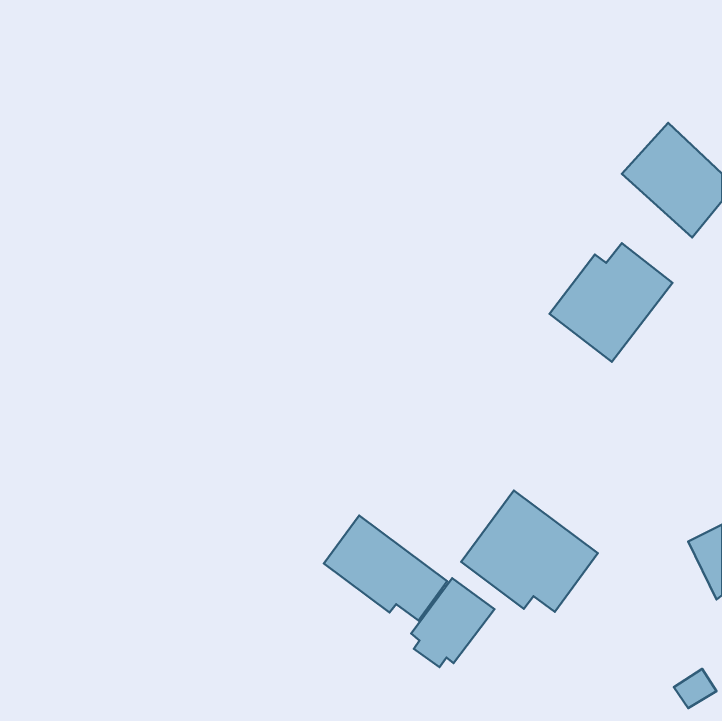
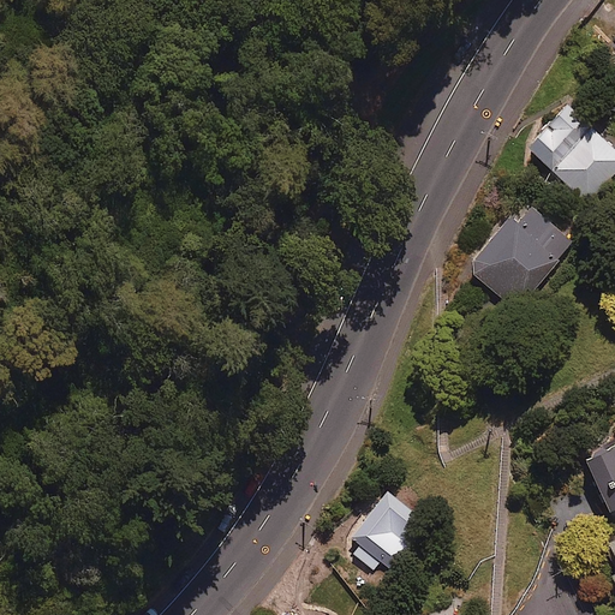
building: [461,491,598,612] -> none
building: [324,515,447,621] -> none

